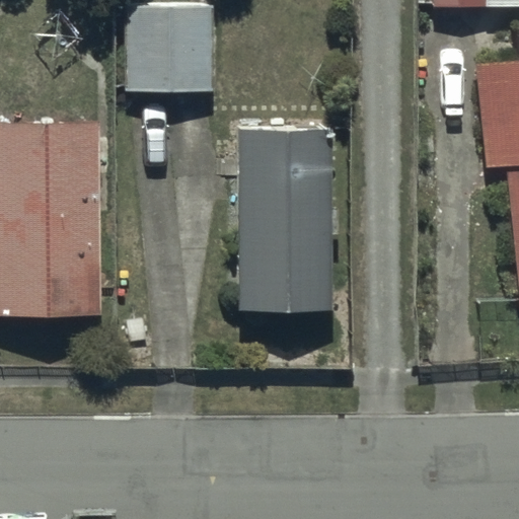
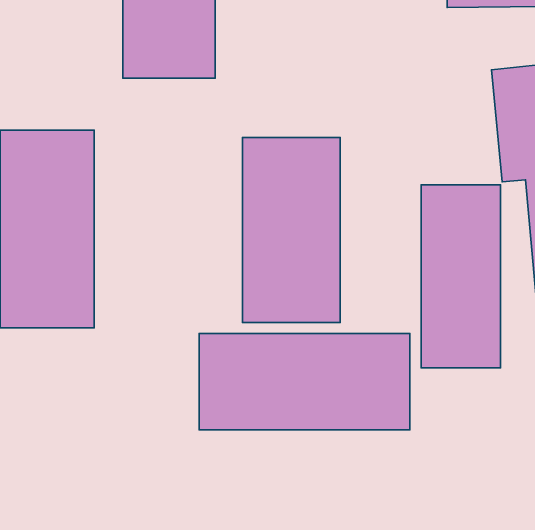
building: none -> [421,185,500,368]
building: none -> [199,333,410,430]

